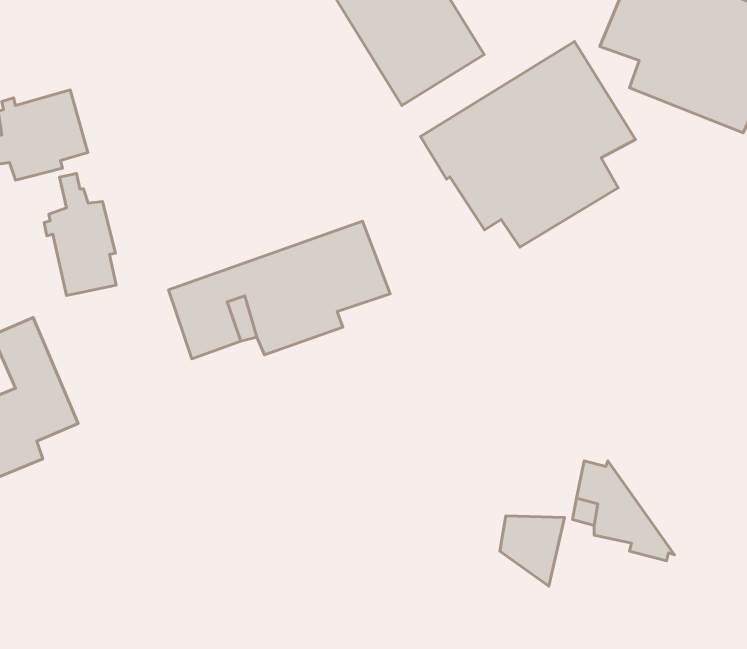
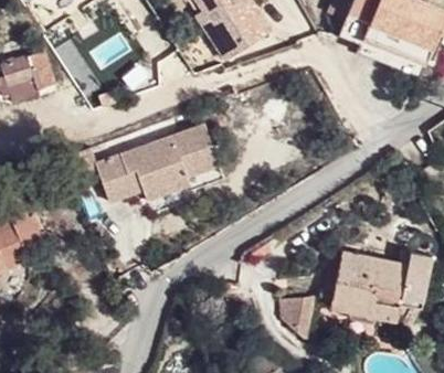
building: [421,42,636,247] -> none
building: [44,173,116,295] -> none
building: none -> [343,245,415,318]

